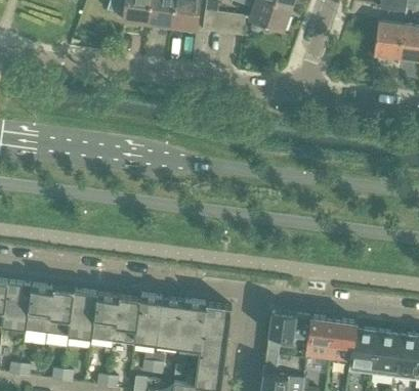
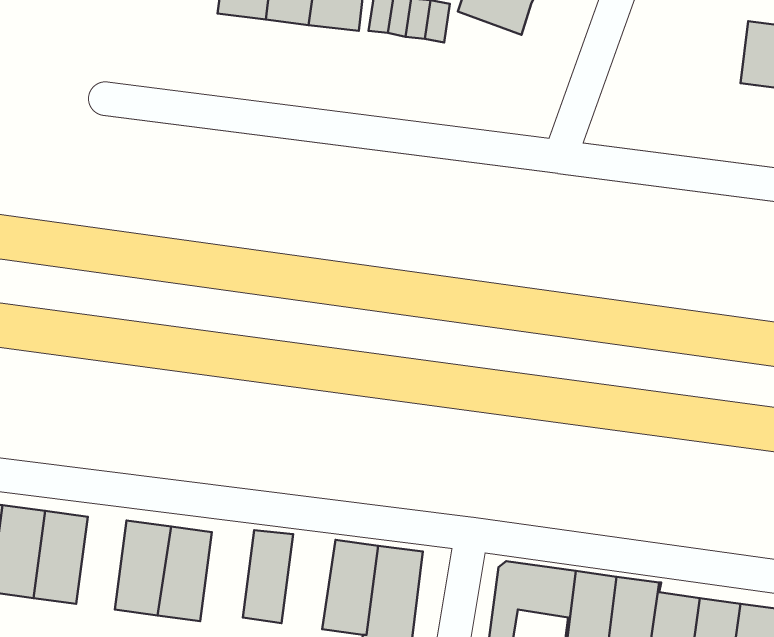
building: [373,21,403,57] -> none
building: [47,287,74,336] -> none
building: [113,293,141,345] -> none
building: [156,296,184,346] -> none

